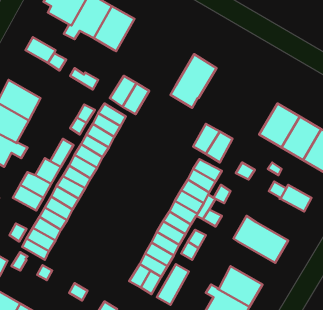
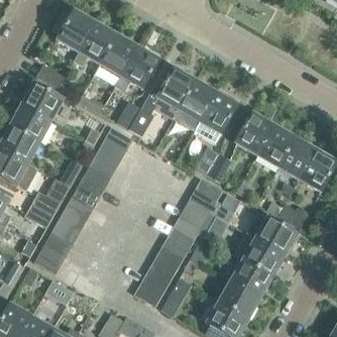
building: none -> [115,46,160,91]
building: none -> [152,68,196,118]
building: none -> [20,83,63,121]
building: none -> [194,89,240,142]
building: none -> [236,113,274,155]
building: none -> [245,211,297,255]
building: none -> [221,256,272,297]

